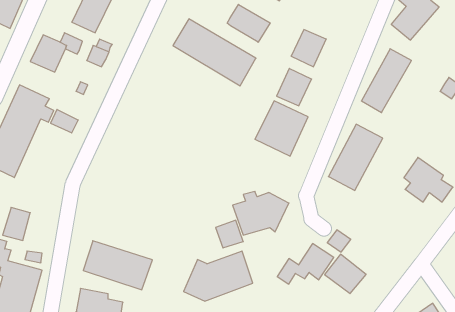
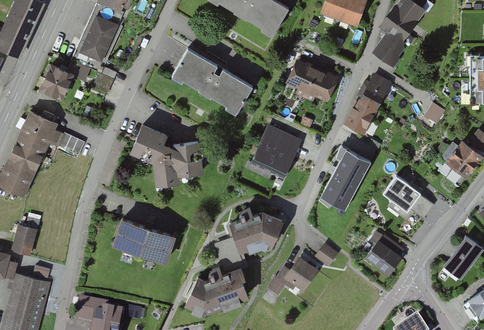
building: [227,4,270,42] -> none
building: [277,68,312,106] -> [304,66,337,101]
building: none -> [130,123,199,183]
building: [83,241,152,290] -> [110,215,175,261]
building: [325,254,366,294] -> [362,237,401,274]

